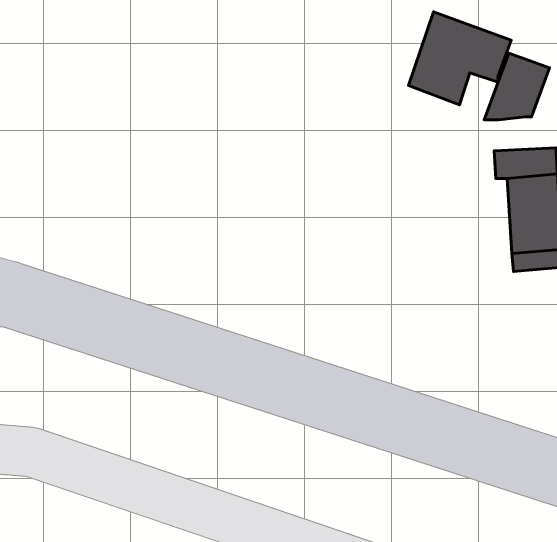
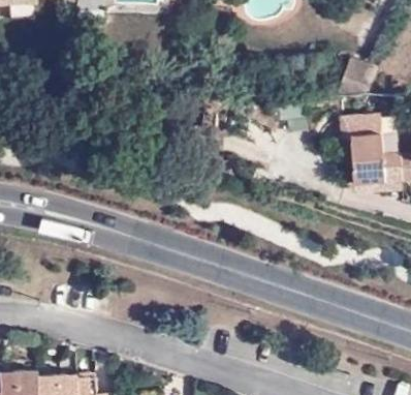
building: [408,12,511,105] -> none

